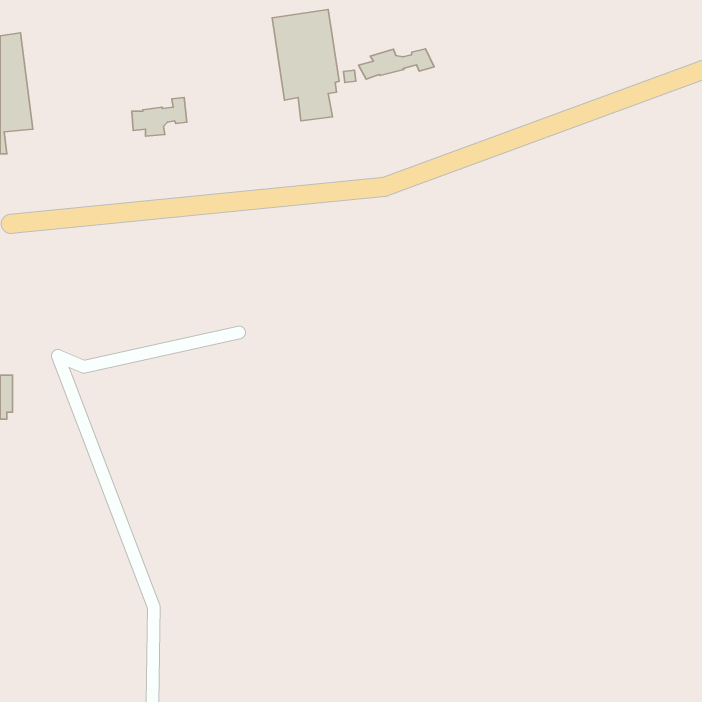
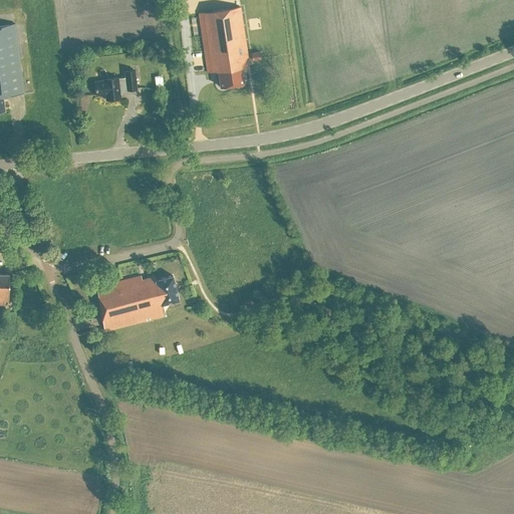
building: [358,49,434,79] -> none
building: none -> [96,275,178,331]

